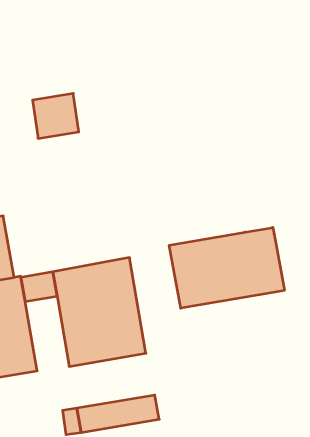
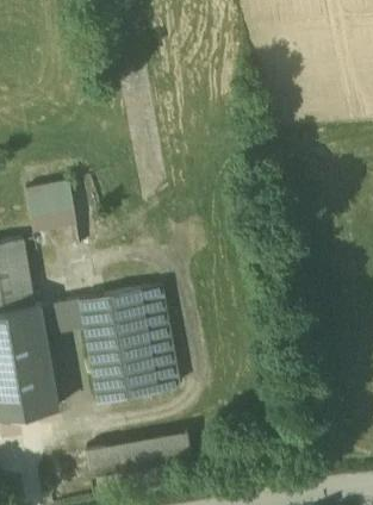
building: [33,93,79,138] -> [26,182,76,231]
building: [169,227,284,308] -> none

